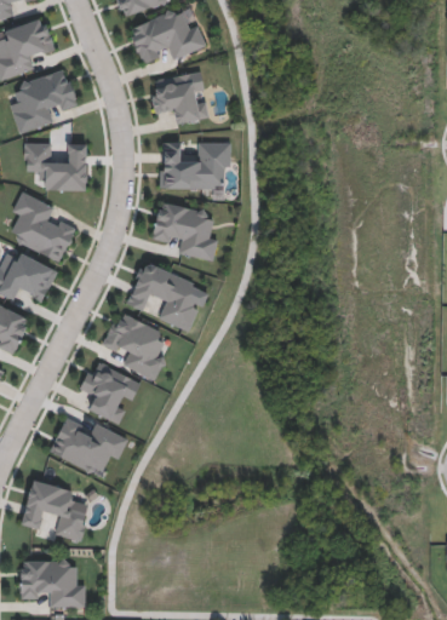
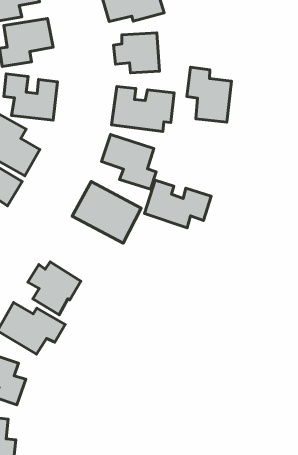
building: none -> [187,67,231,122]
building: none -> [144,180,211,228]
building: [103,311,166,381] -> none

